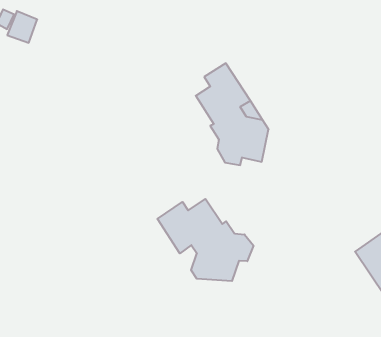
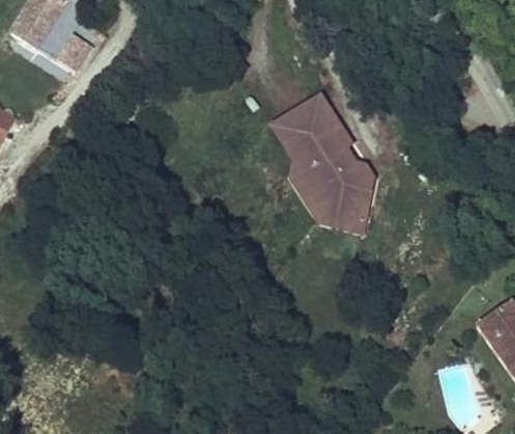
building: none -> [273,111,365,229]
building: [157,199,253,281] -> none

